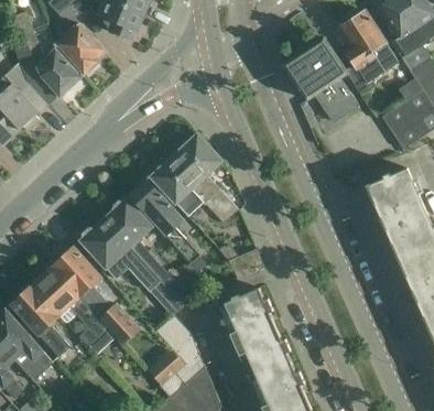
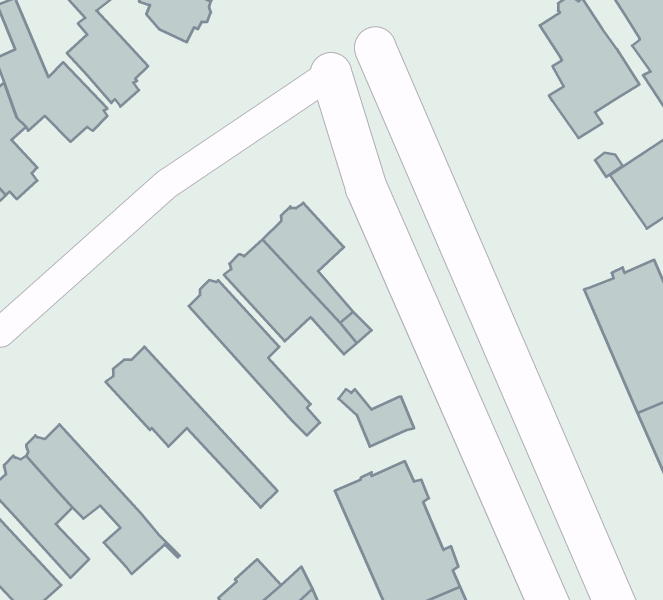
building: [283,37,357,122] -> none
building: [104,198,193,305] -> none
building: [53,247,142,344] -> none
building: [156,314,197,361] -> none

